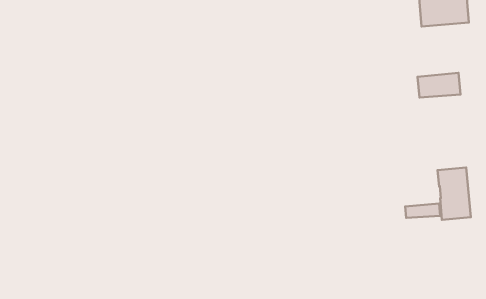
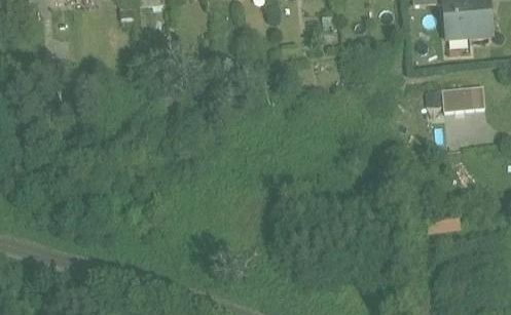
building: [437,167,471,220] -> none

